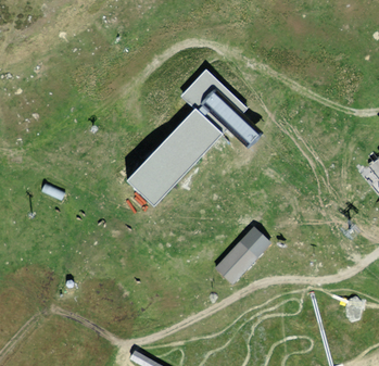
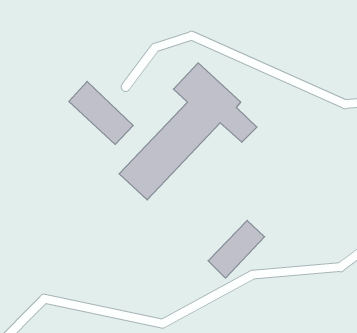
building: none -> [69,81,133,144]

